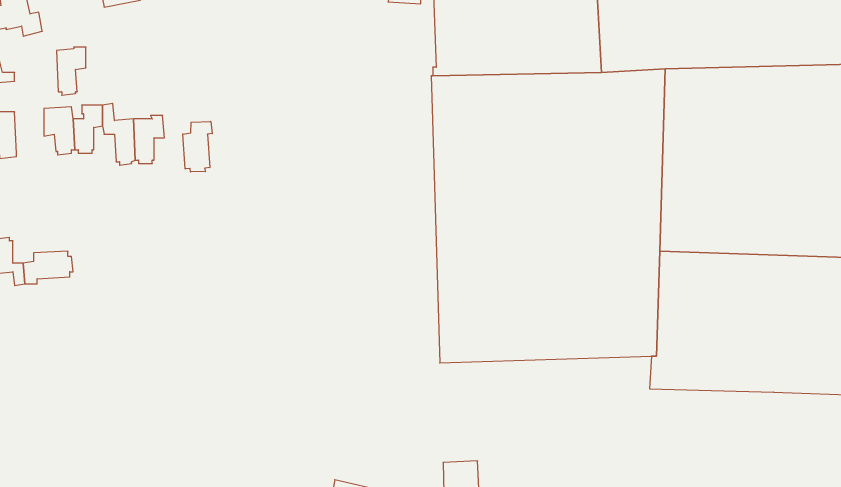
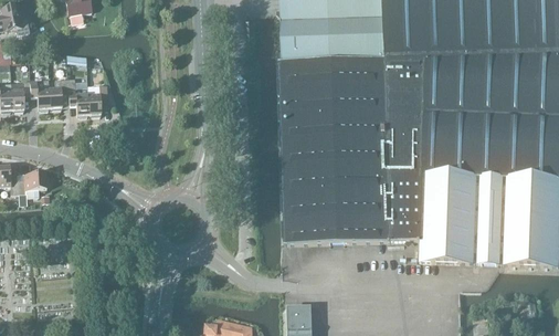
building: [57,47,86,95] -> [11,80,30,111]
building: [183,121,212,172] -> none

